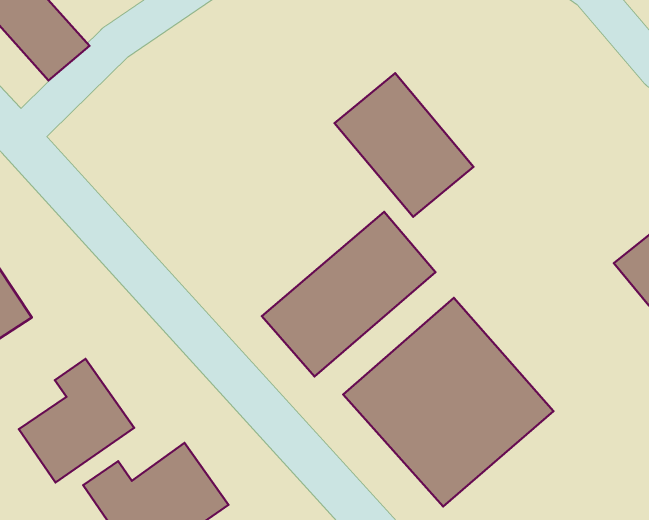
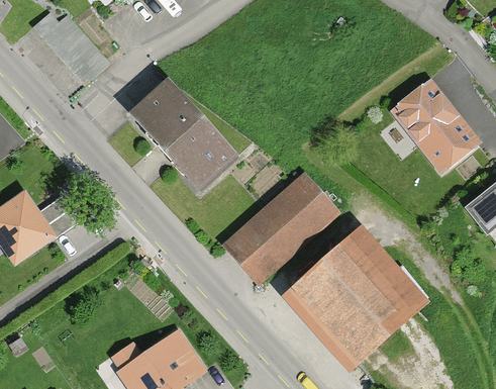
building: [335,73,474,217] -> [388,77,481,173]
building: none -> [128,82,237,197]
building: [19,359,134,483] -> none

